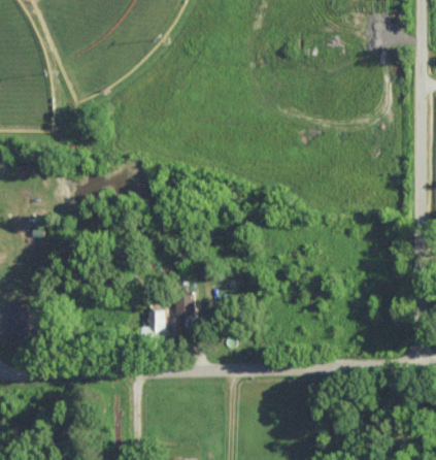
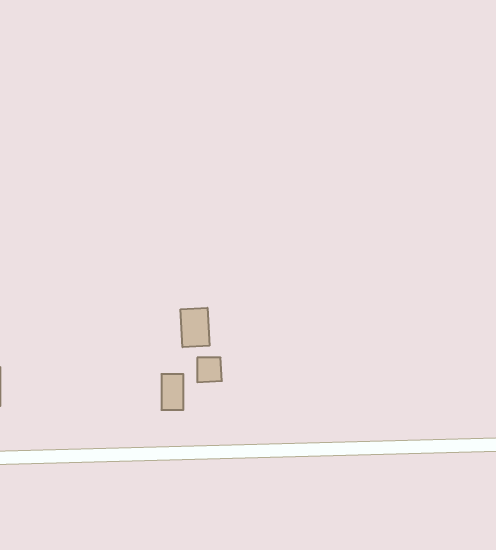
building: none -> [181,308,209,347]

